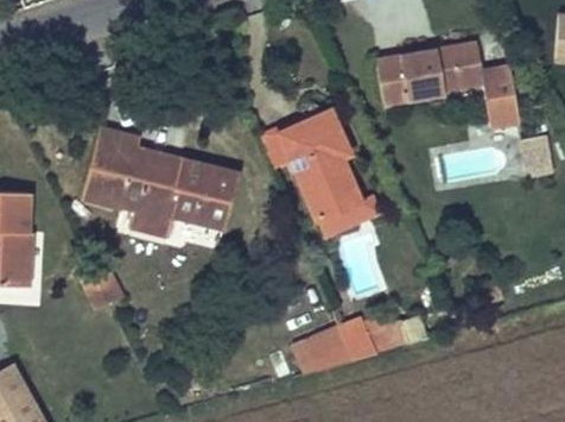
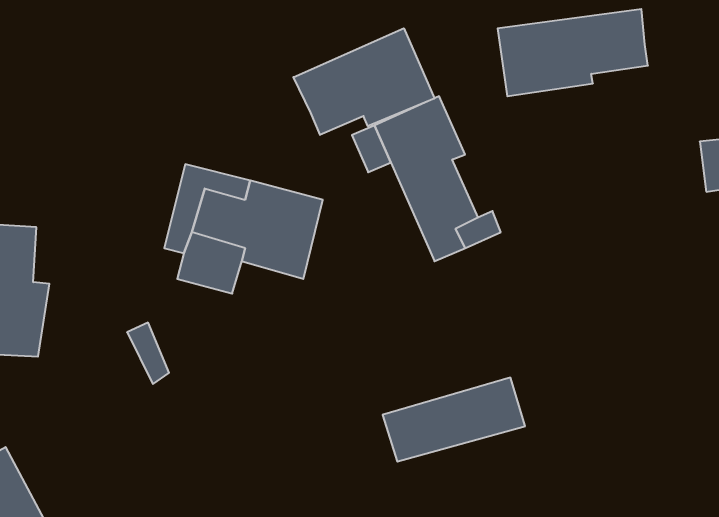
building: none -> [293,28,434,135]
building: [481,63,518,126] -> none
building: [87,139,146,216] -> none

